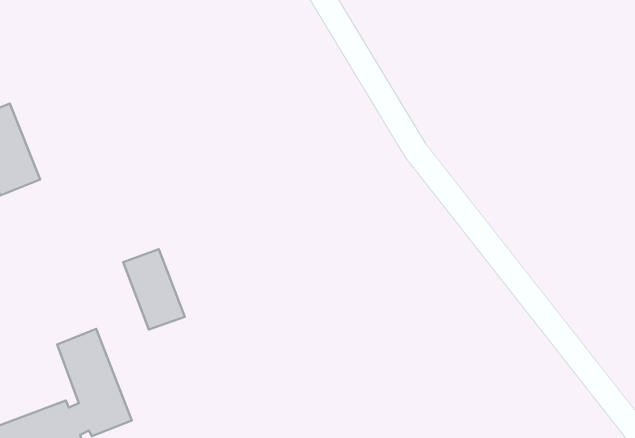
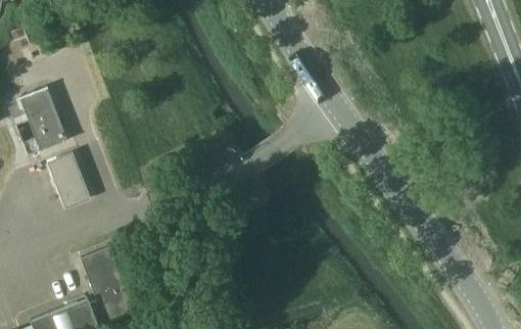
building: [123,249,185,330] -> [48,153,92,210]

